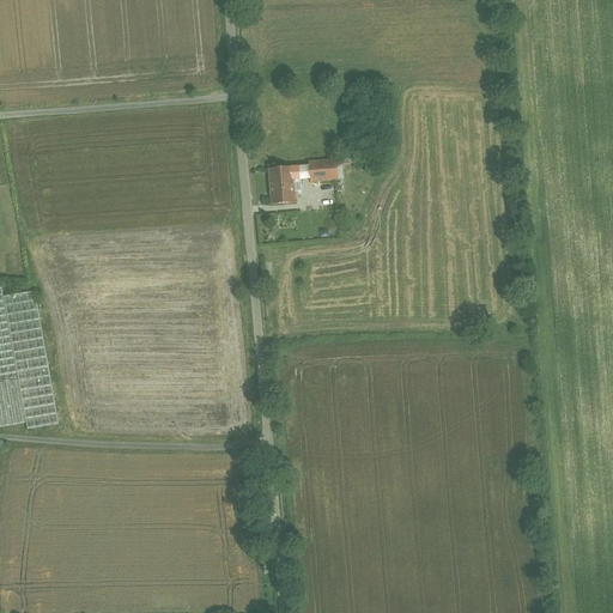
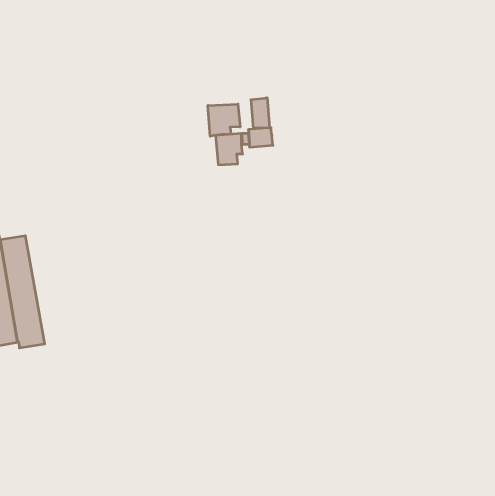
building: none -> [251,98,270,128]
building: none -> [208,104,240,136]

